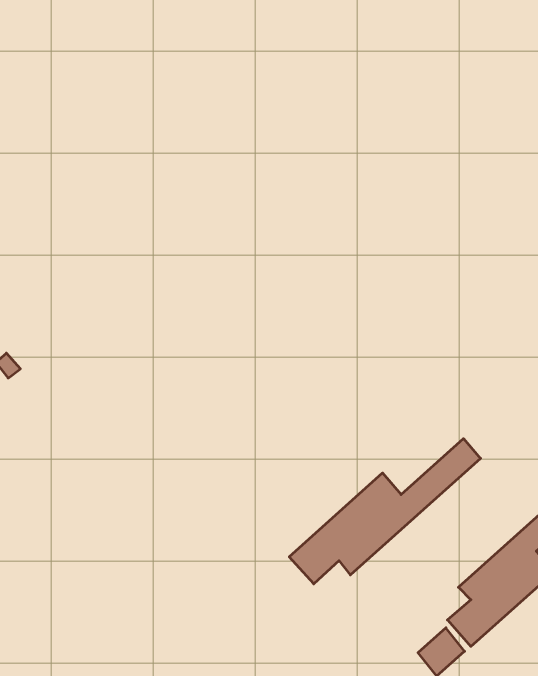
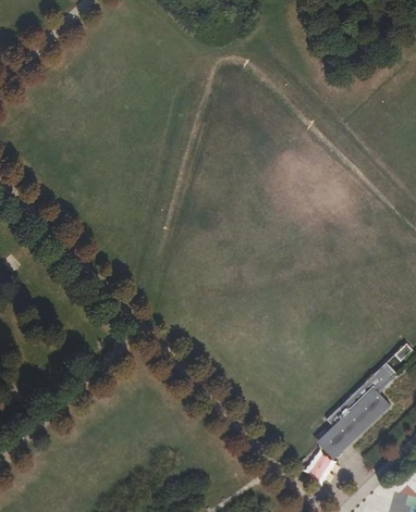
building: [289,439,481,584] -> none

